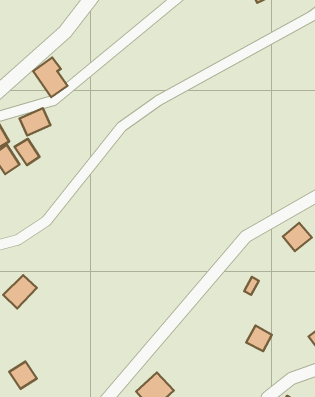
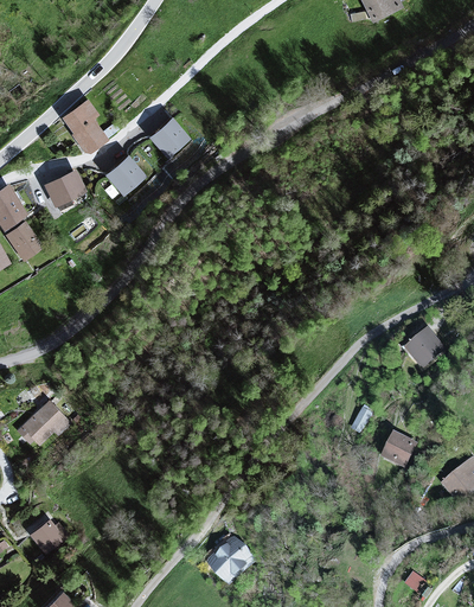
building: none -> [149,116,187,154]
building: none -> [105,154,142,190]
building: [14,139,39,165] -> none
building: [246,325,272,351] -> [382,433,417,468]

